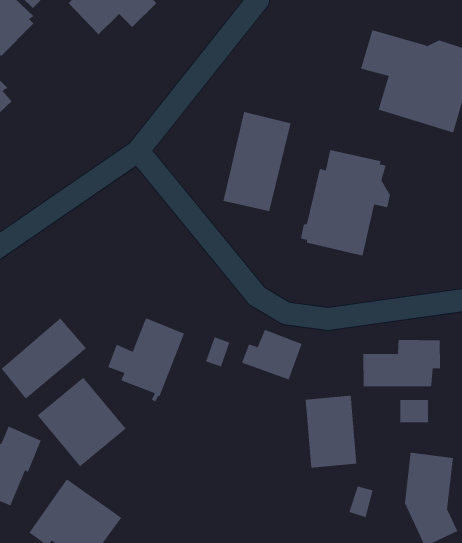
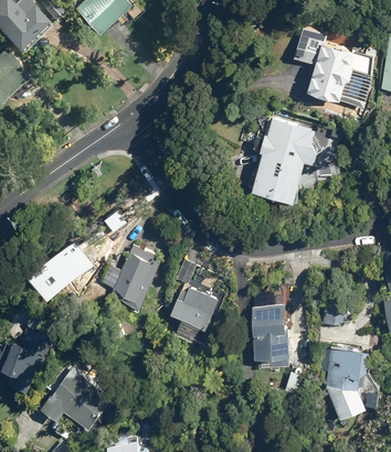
building: [223,111,291,212] -> none
building: [241,329,302,380] -> [170,289,216,327]
building: [363,339,441,387] -> none
building: [37,377,127,467] -> none

